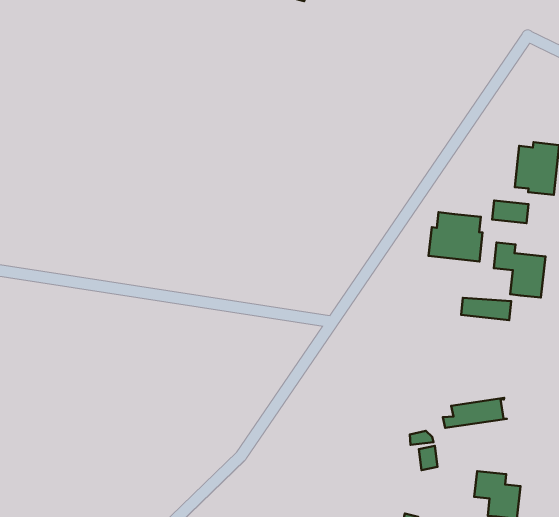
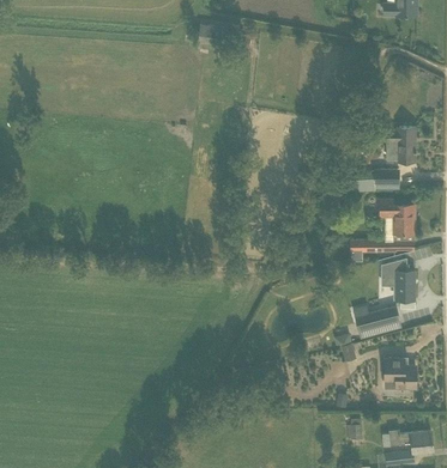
building: [429,212,483,261] -> none
building: none -> [383,257,415,300]

